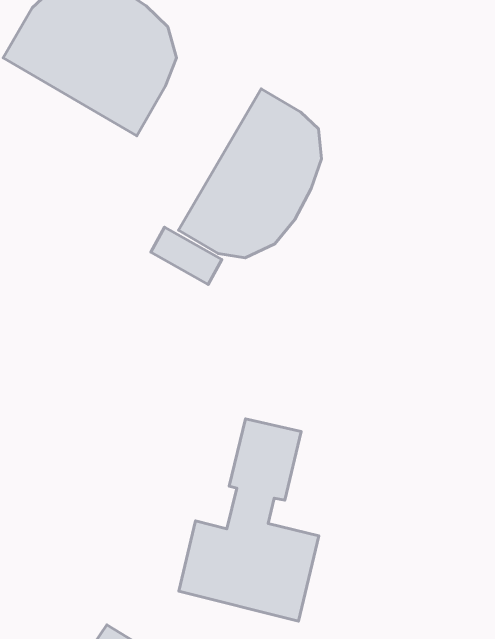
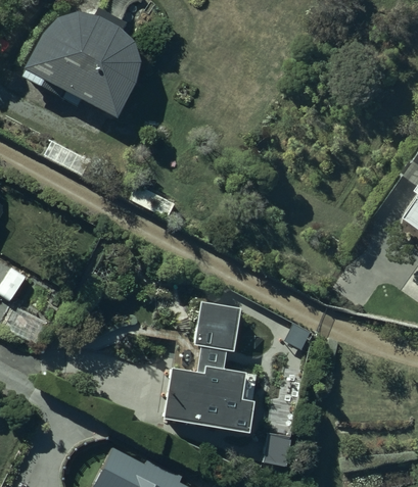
building: [179,89,322,258] -> none

